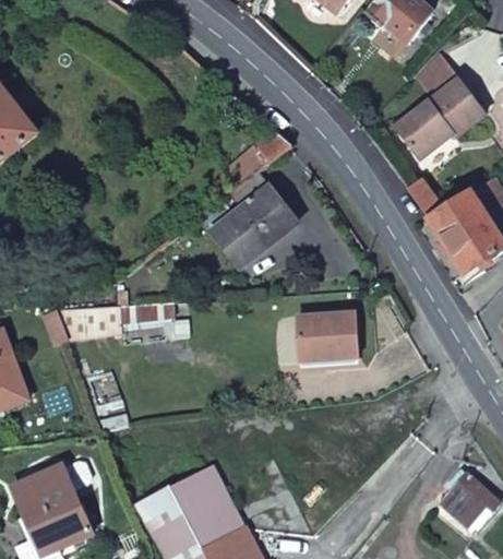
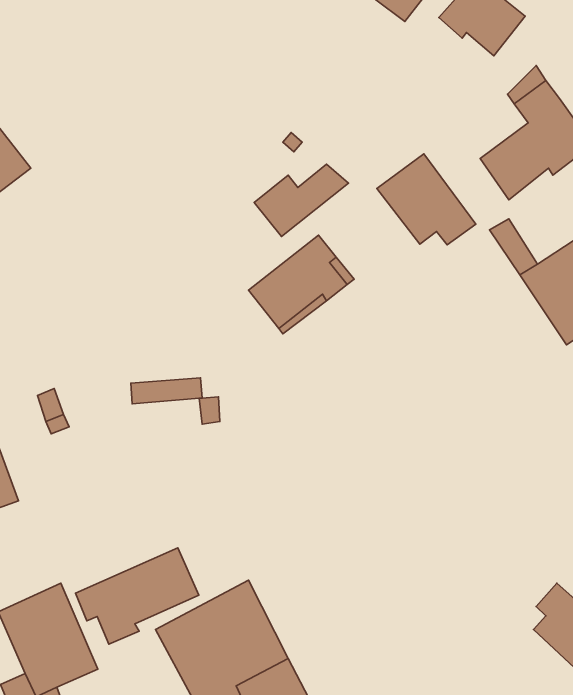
building: none -> [377,154,476,245]
building: [59,306,120,336] -> none
building: [295,310,356,358] -> none
building: none -> [75,548,199,644]

